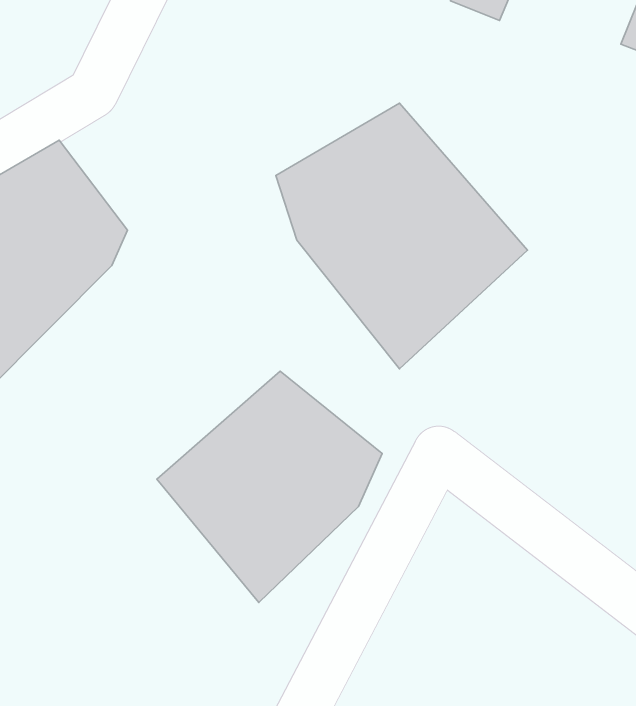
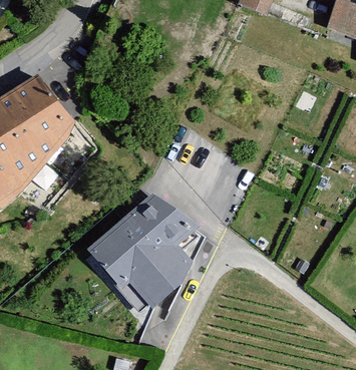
building: [276,103,527,369] -> none

